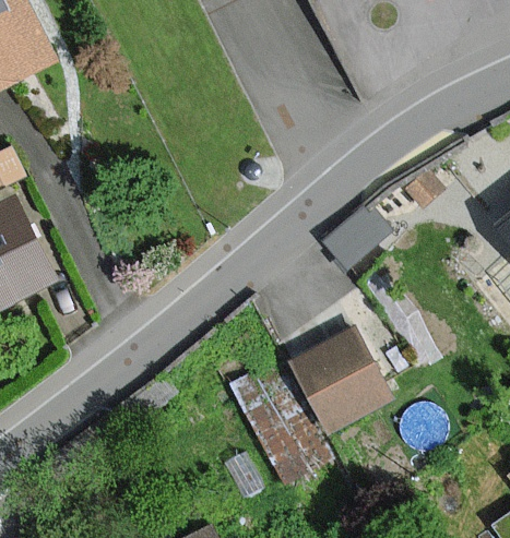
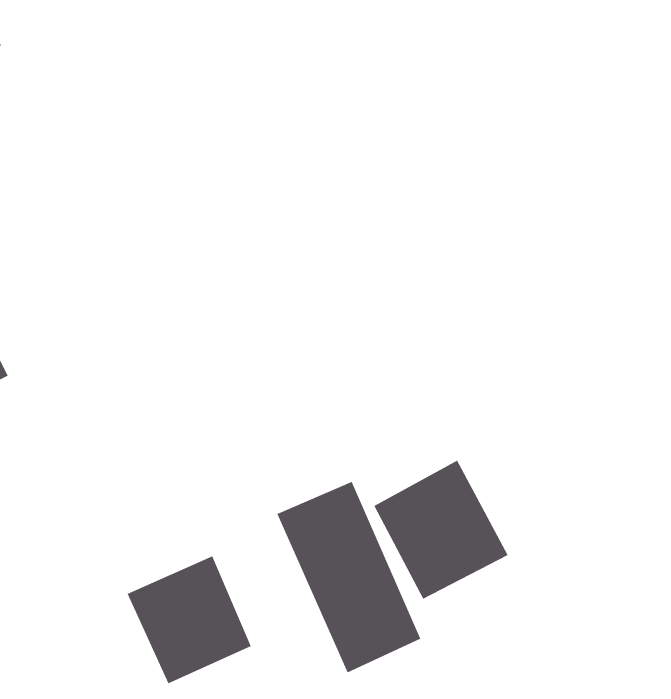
building: none -> [127,555,252,684]

